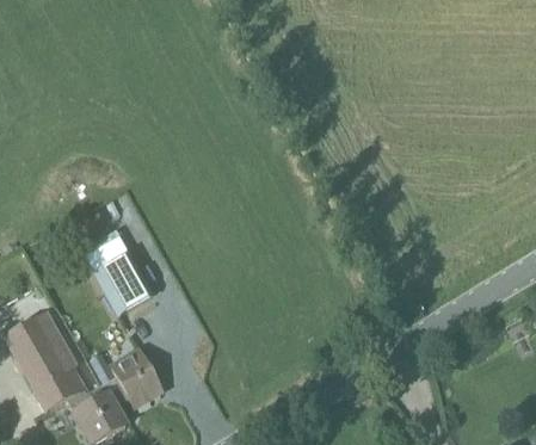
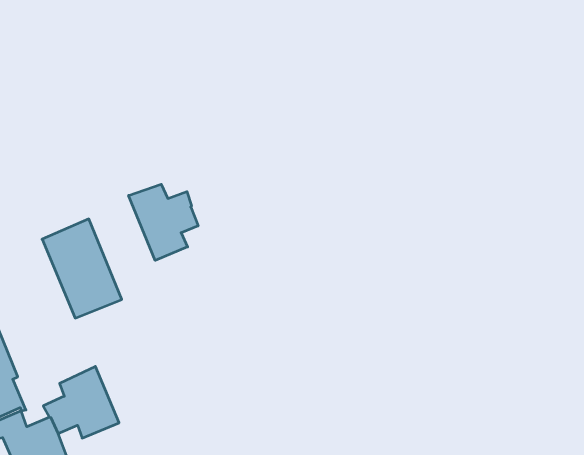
building: none -> [129,184,198,260]

